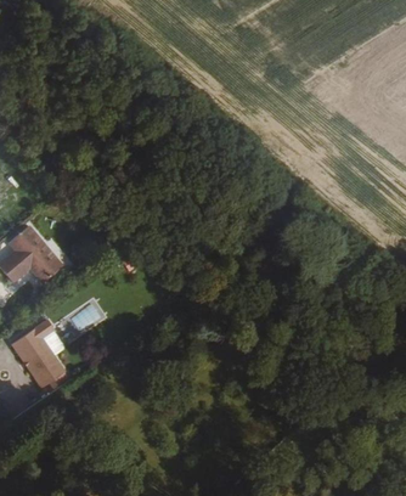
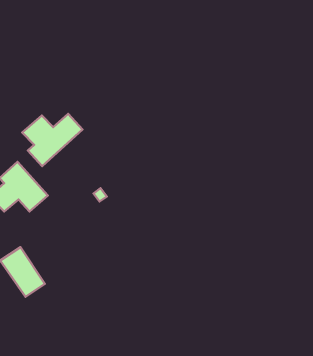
building: none -> [22,114,83,166]

